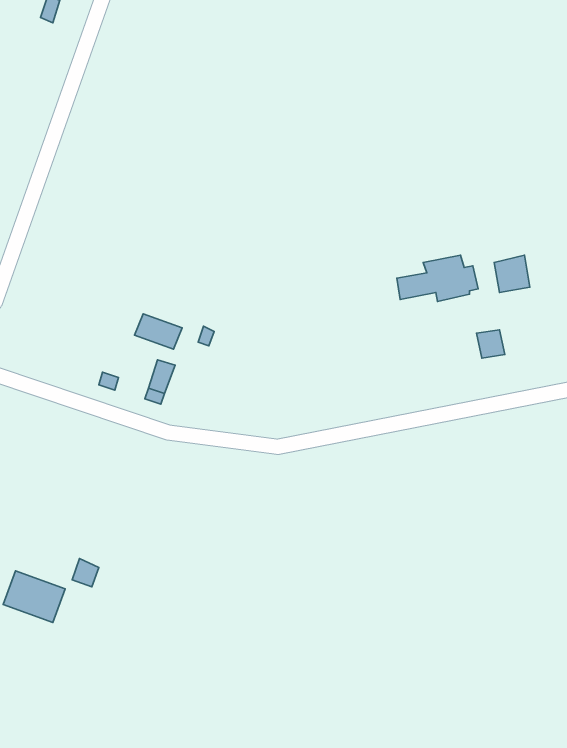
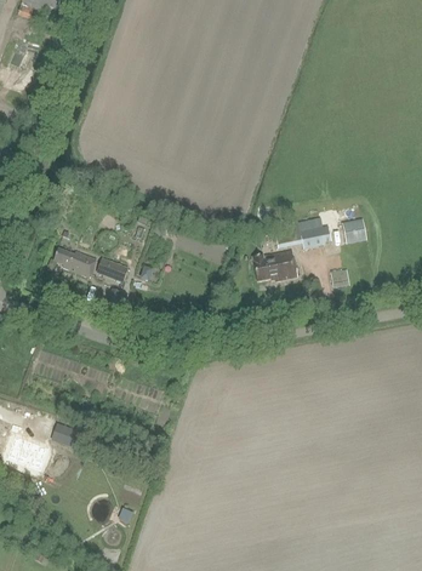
building: none -> [52,246,96,276]
building: none -> [251,250,297,281]

